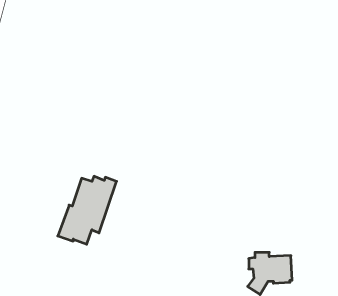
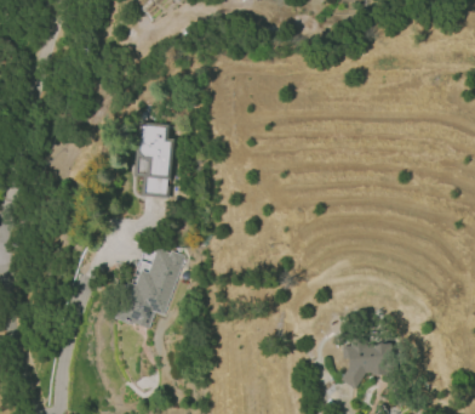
building: none -> [136,123,174,197]

